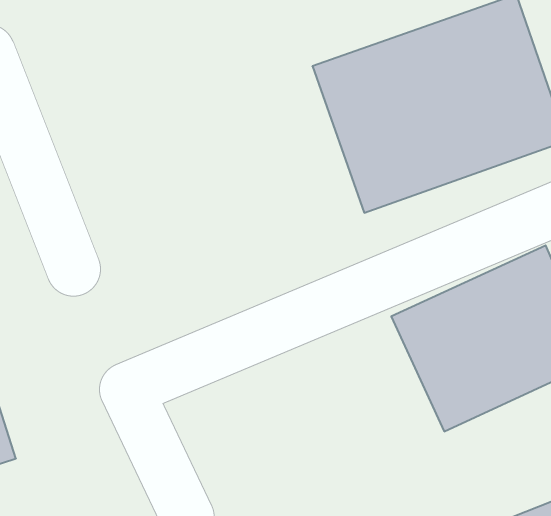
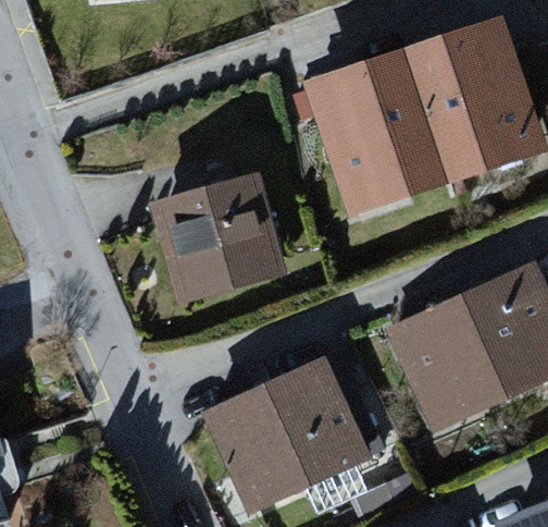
building: none -> [148,179,285,302]
building: none -> [204,356,373,513]

